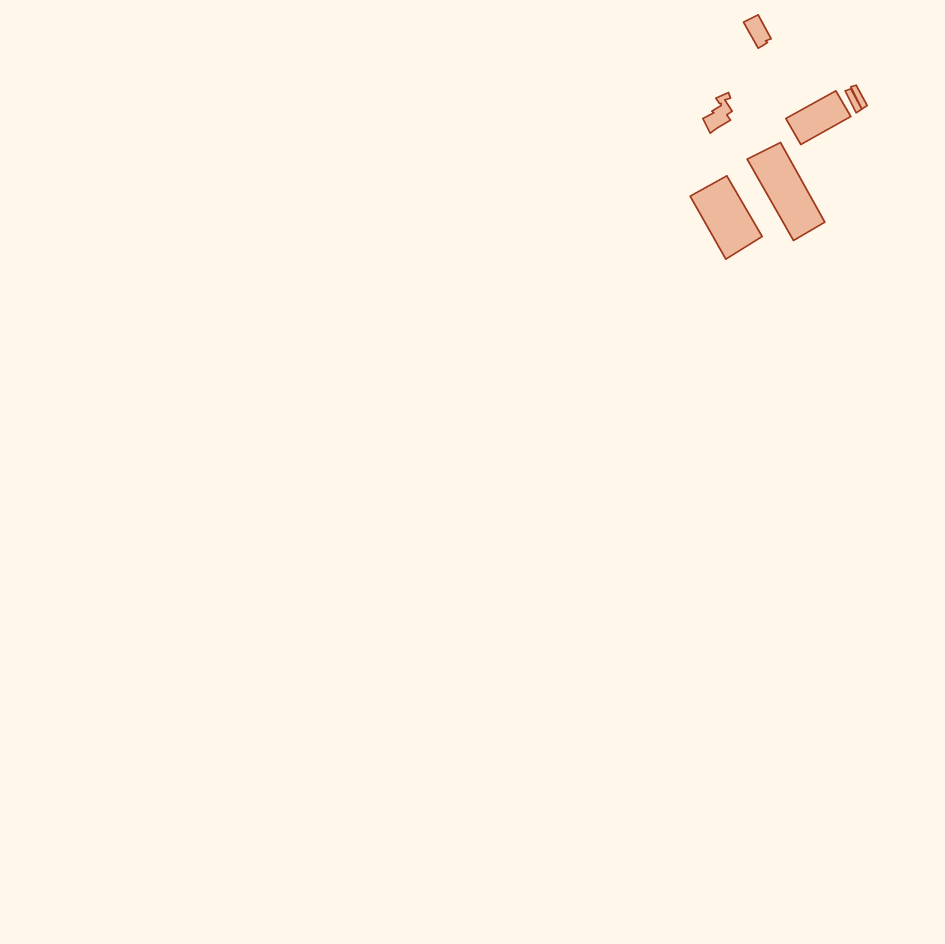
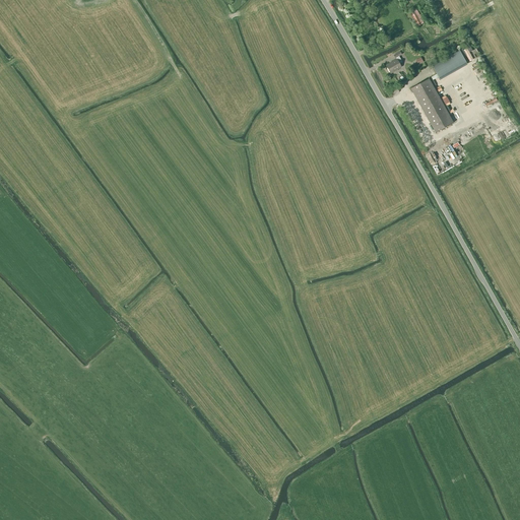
building: [690,176,762,259] -> none

